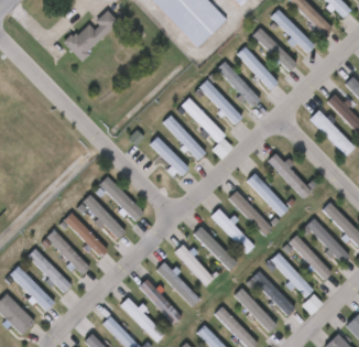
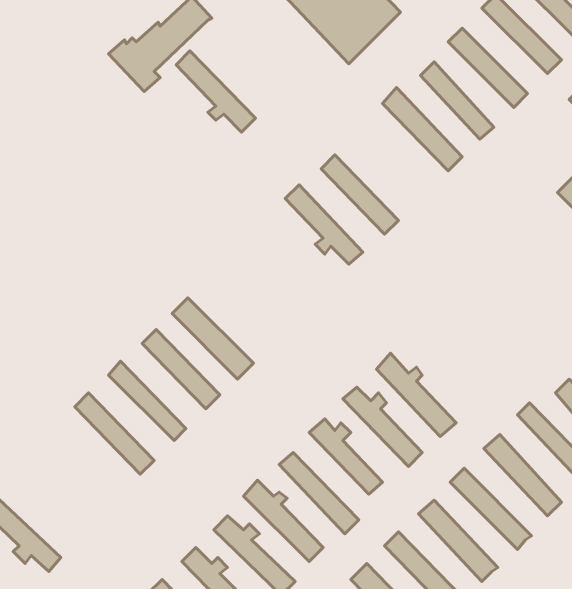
building: [198,79,242,124] -> [176,51,255,132]
building: [149,137,188,176] -> none
building: [269,153,312,199] -> none
building: [248,173,290,217] -> none
building: [229,191,273,236] -> none
building: [28,249,70,293] -> none
building: [12,267,55,311] -> none

